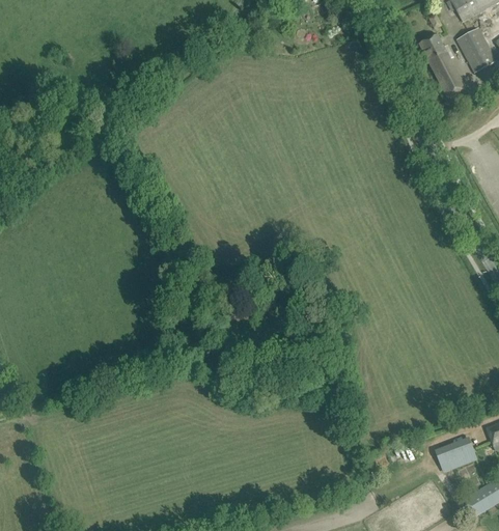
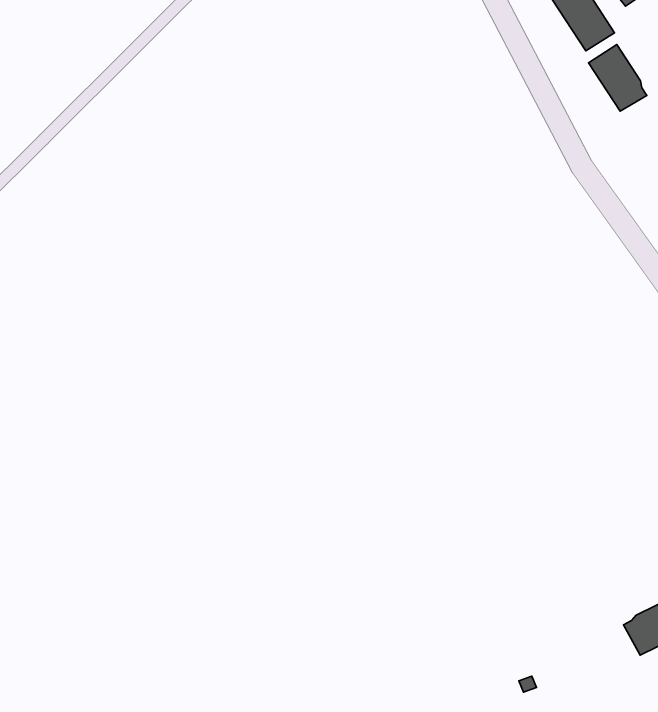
building: none -> [589,45,647,111]

